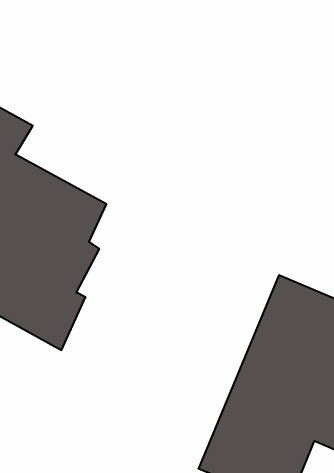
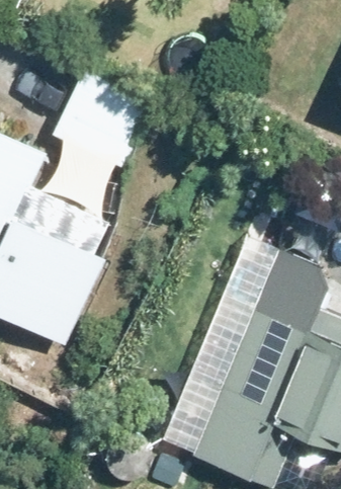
building: none -> [50,71,155,172]

